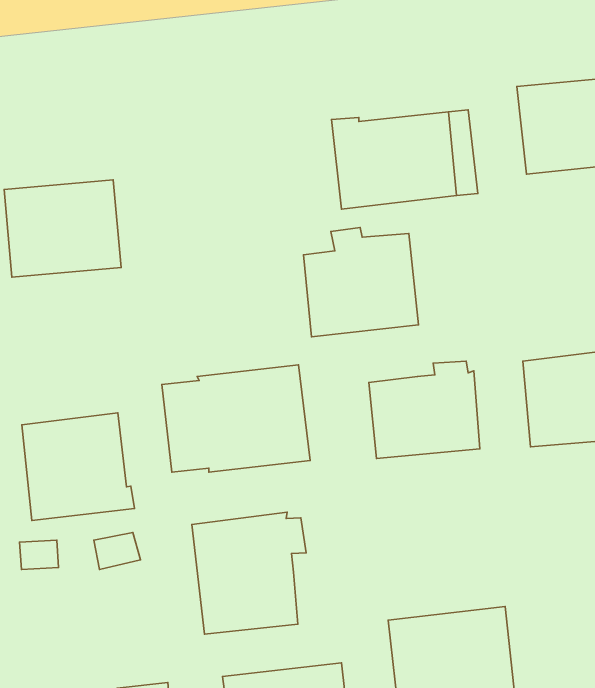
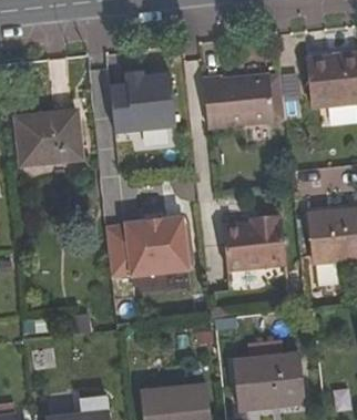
building: [304,228,419,337] -> [110,70,175,132]
building: [22,413,135,520] -> none
building: [192,512,306,634] -> none

